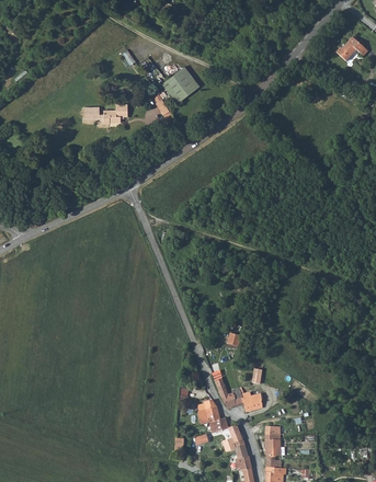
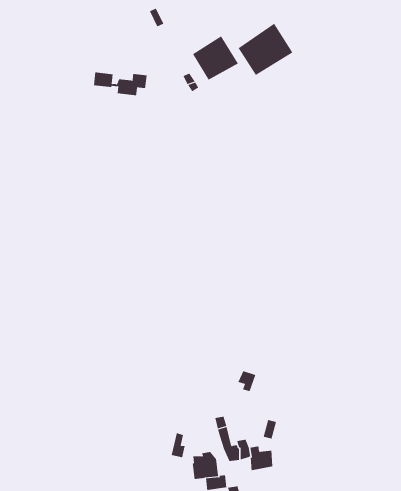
building: none -> [238,23,293,76]

